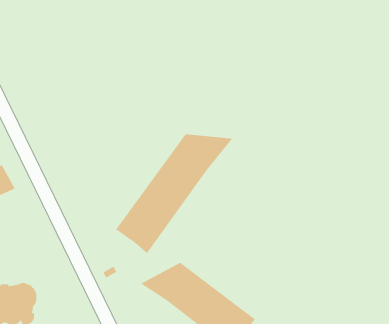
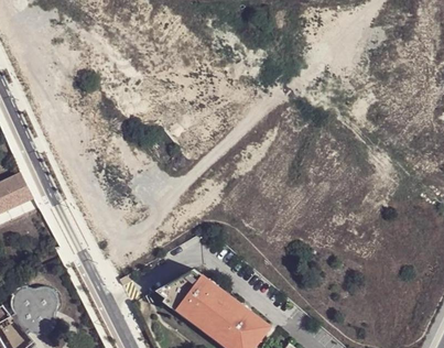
building: [115,133,233,254] -> none

